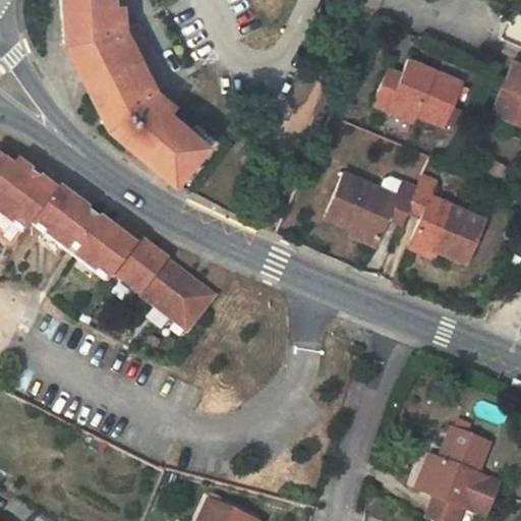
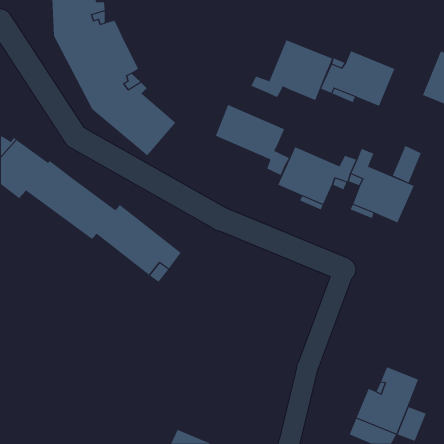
building: none -> [250,40,333,101]
building: none -> [215,104,289,176]
building: none -> [392,145,422,183]

